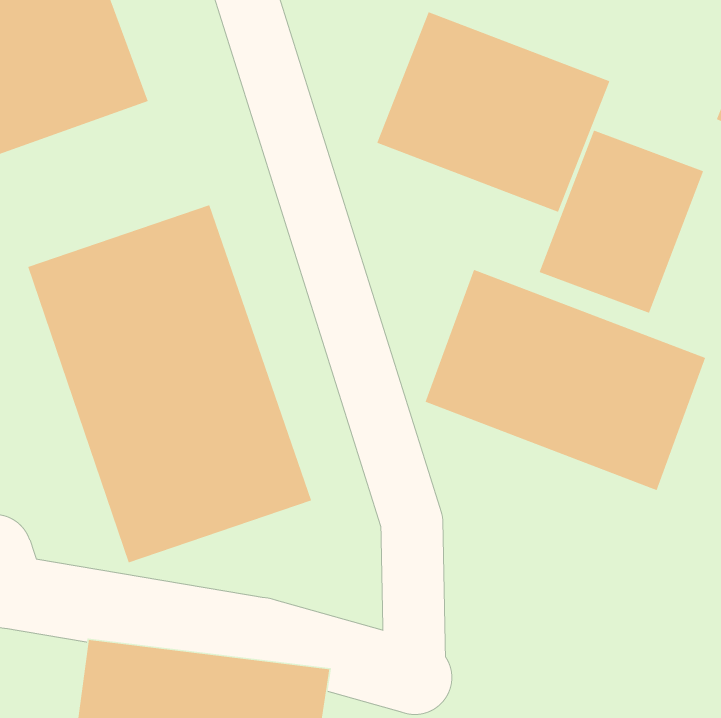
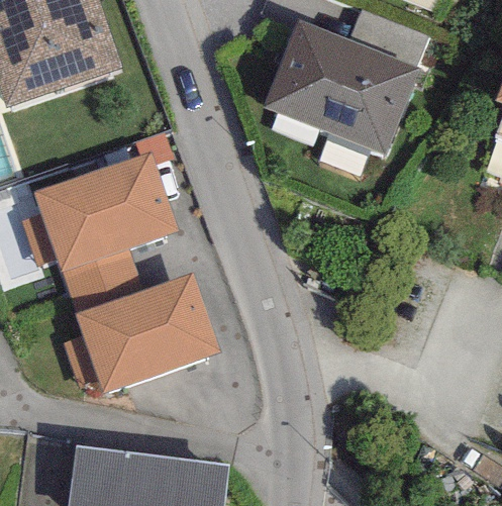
building: [539,129,704,314] -> none
building: [424,269,706,491] -> none

